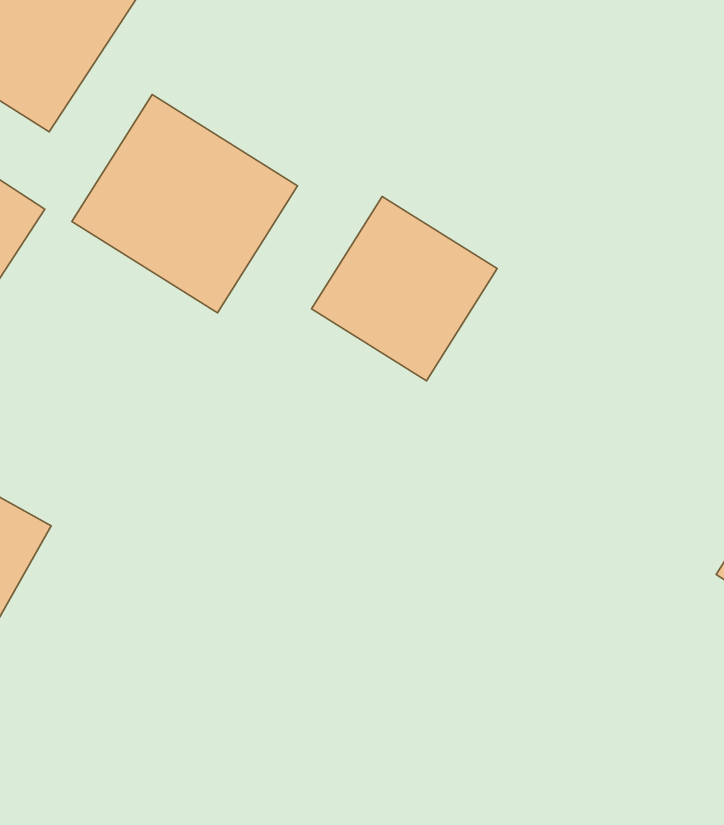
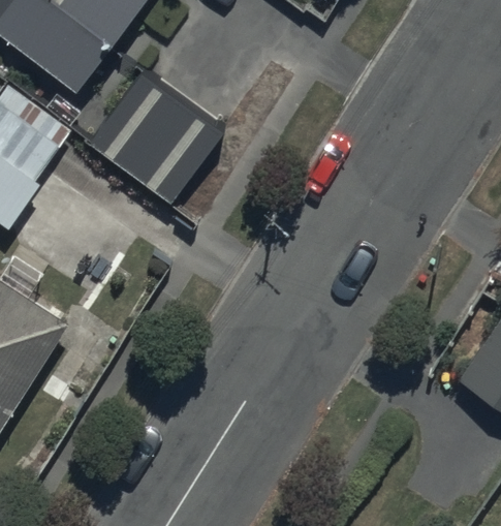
building: [312,196,497,381] -> none

